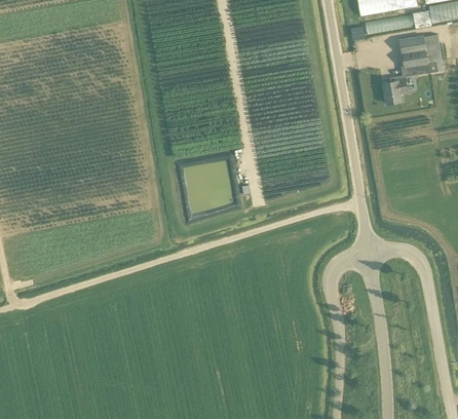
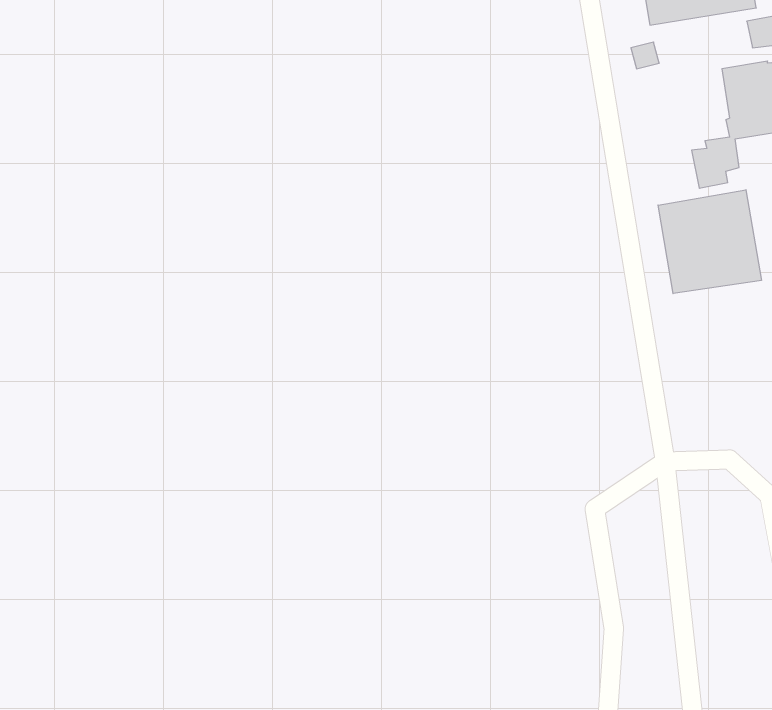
building: none -> [658,190,761,294]

